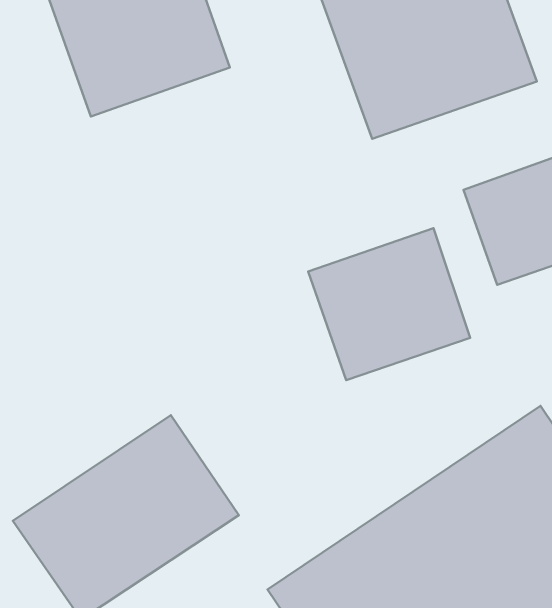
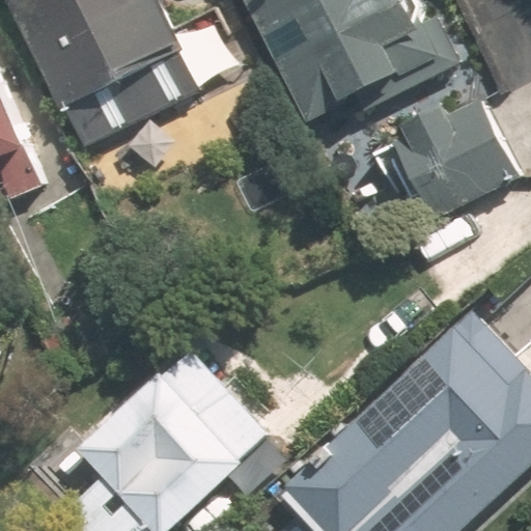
building: [308,228,470,380] -> none

